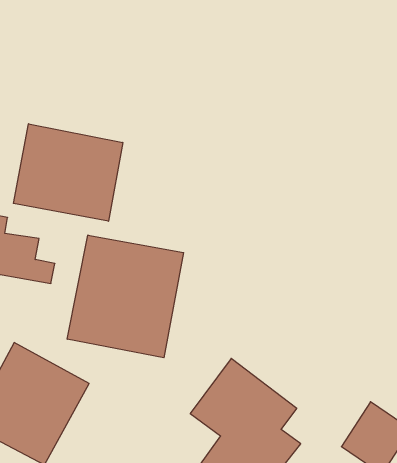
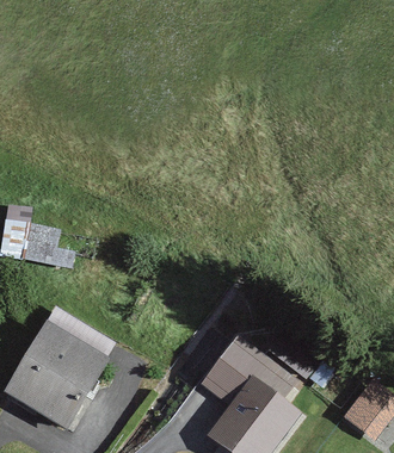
building: [13,124,123,221] -> none
building: [67,235,184,358] -> none

